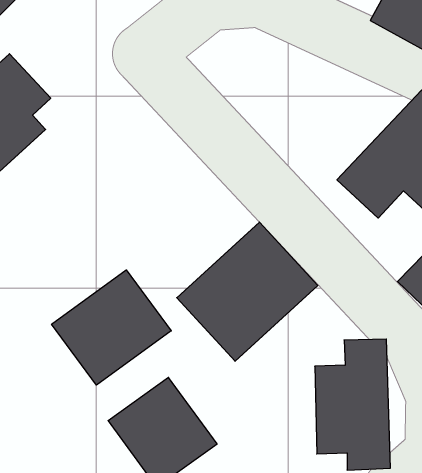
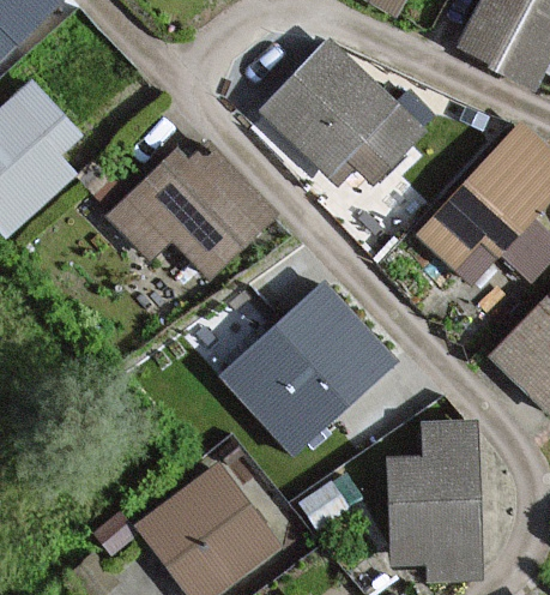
building: none -> [258,42,417,181]
building: none -> [107,148,267,275]
building: [52,270,171,385] -> none

